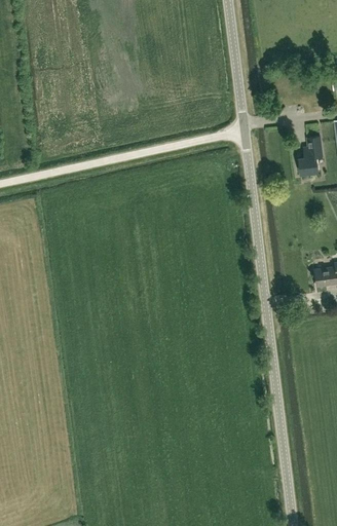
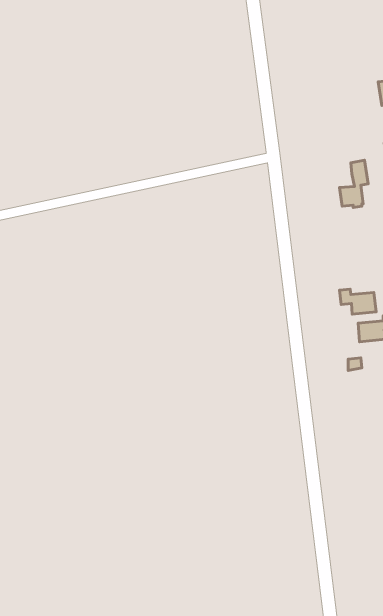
building: none -> [340,289,376,314]

